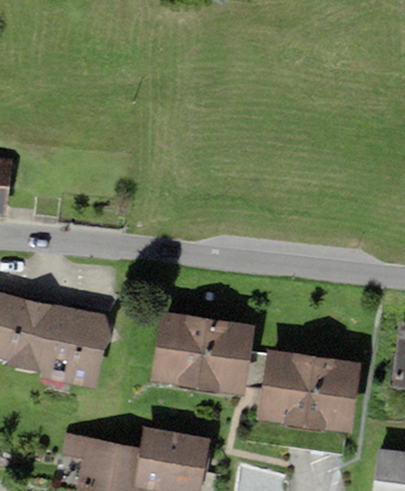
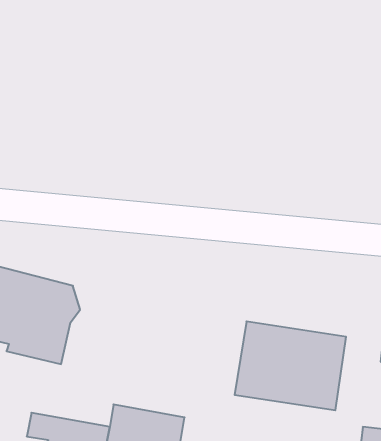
building: [149,313,254,396] -> none

